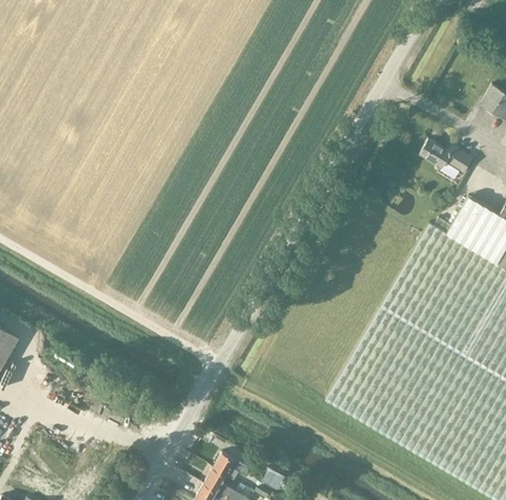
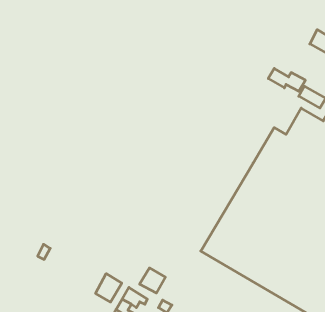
building: none -> [140,268,165,293]
building: none -> [96,274,122,302]

